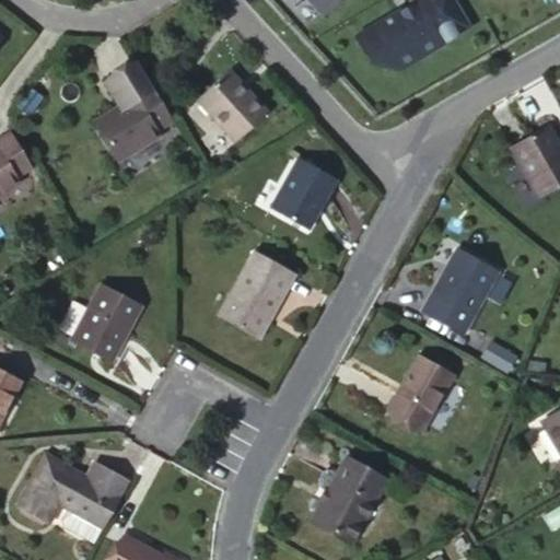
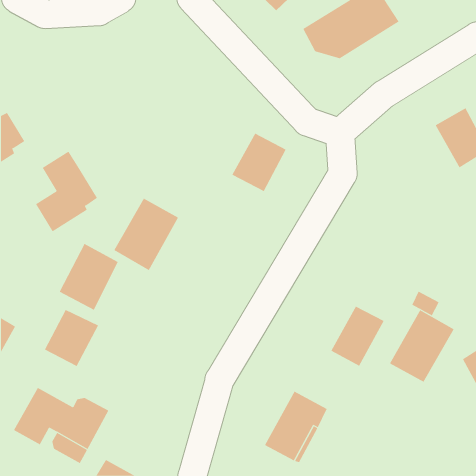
building: [97,63,171,159] -> [35,151,98,232]
building: [198,72,269,142] -> none
building: [221,248,298,334] -> [114,198,179,271]
building: [421,248,498,334] -> [389,309,454,382]
building: none -> [44,309,99,367]

